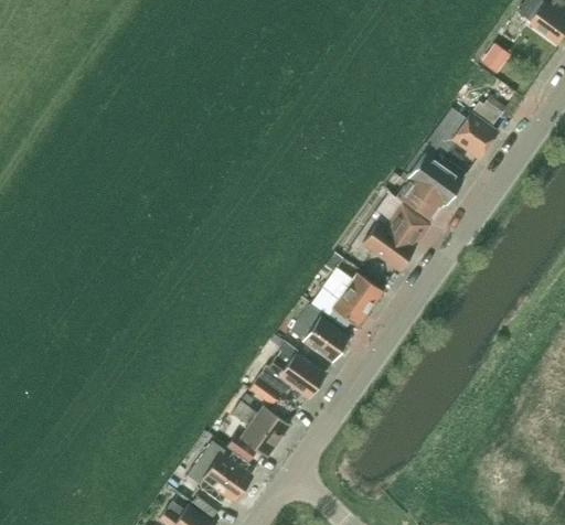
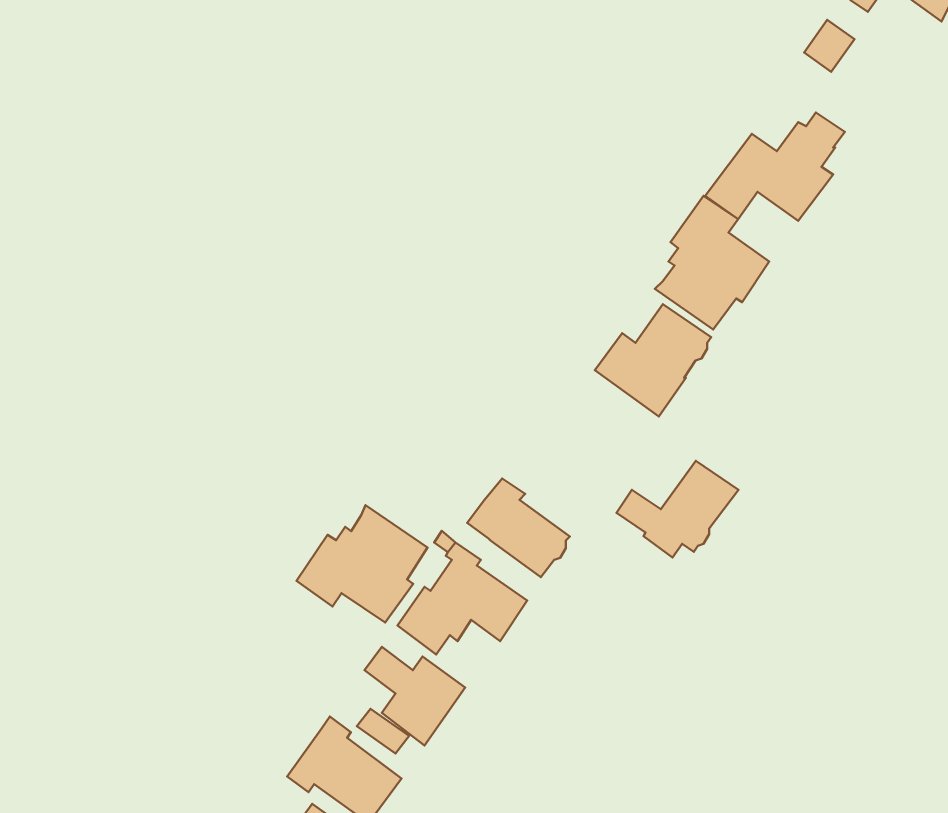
building: [312,274,382,329] -> [616,461,738,558]
building: none -> [296,505,427,622]

